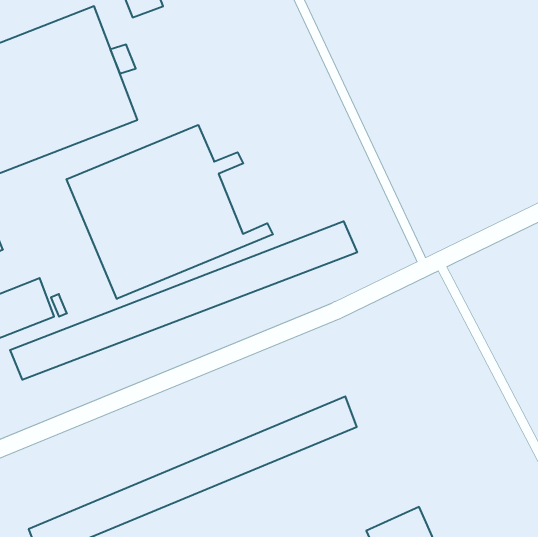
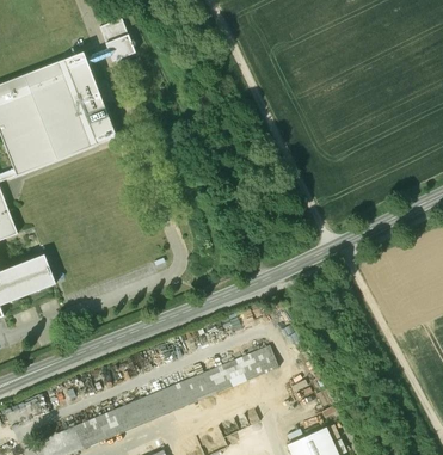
building: [67,125,273,299] -> none
building: [10,221,357,380] -> none

